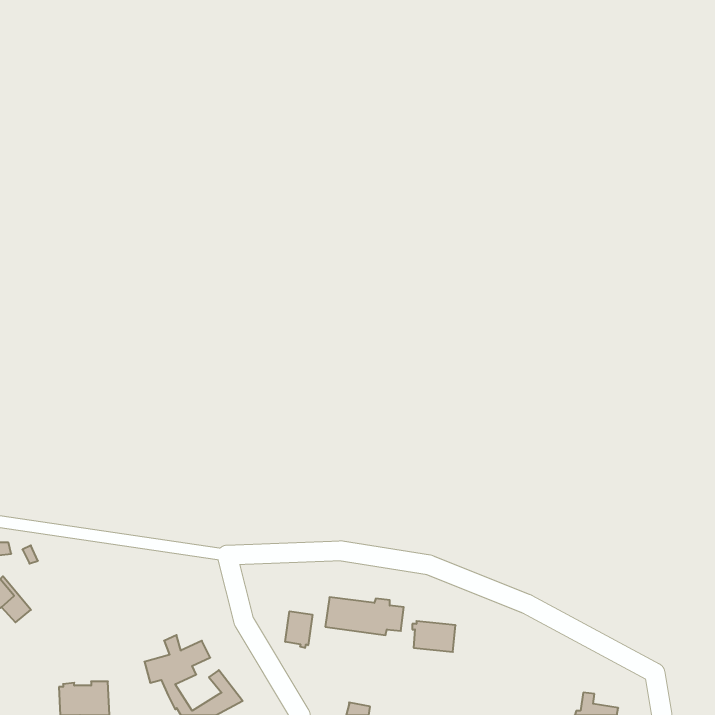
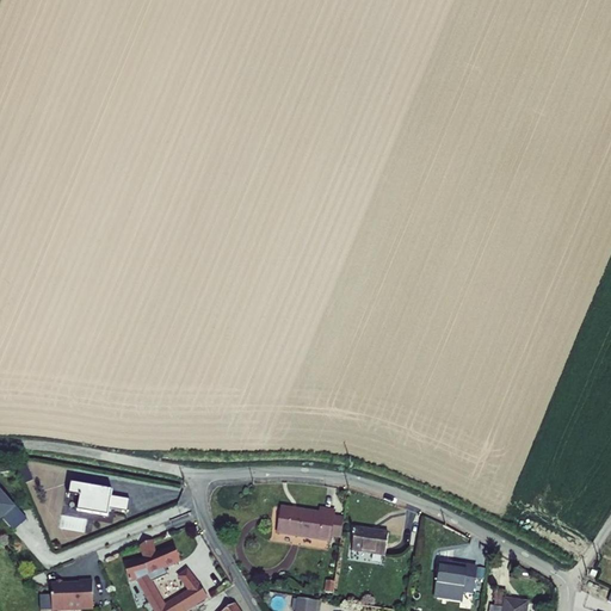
building: none -> [68,480,125,516]
building: [285,611,312,648] -> none
building: none -> [434,561,475,600]

